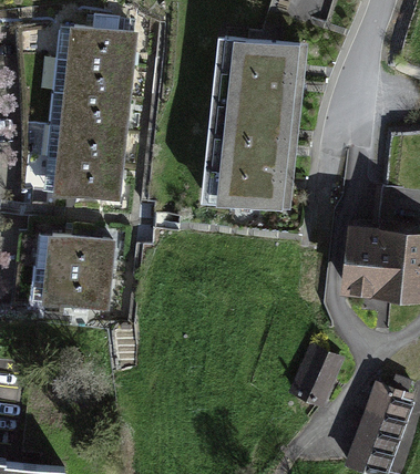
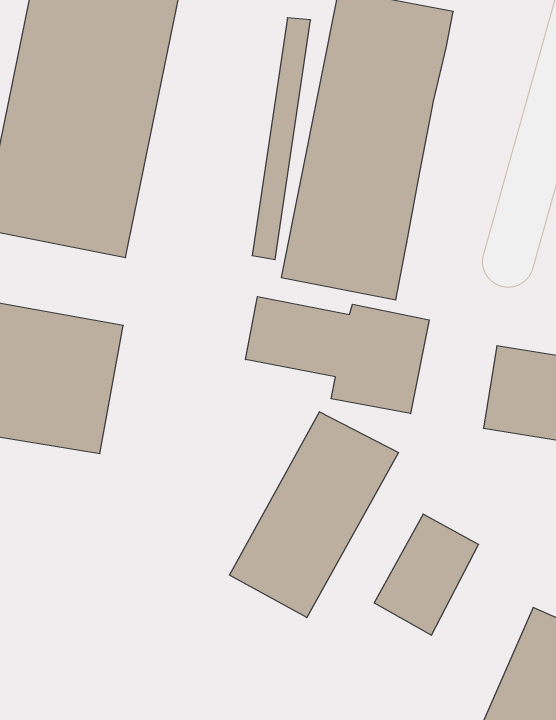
building: none -> [246,297,429,414]
building: none -> [229,412,398,618]

